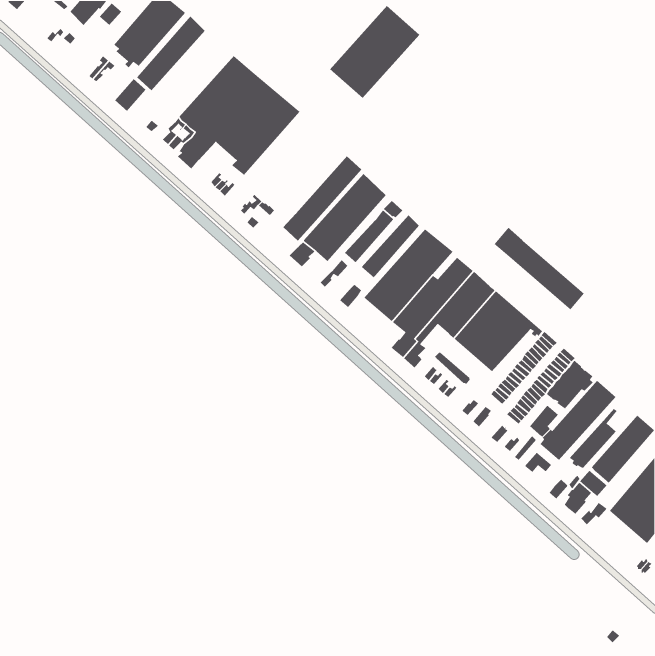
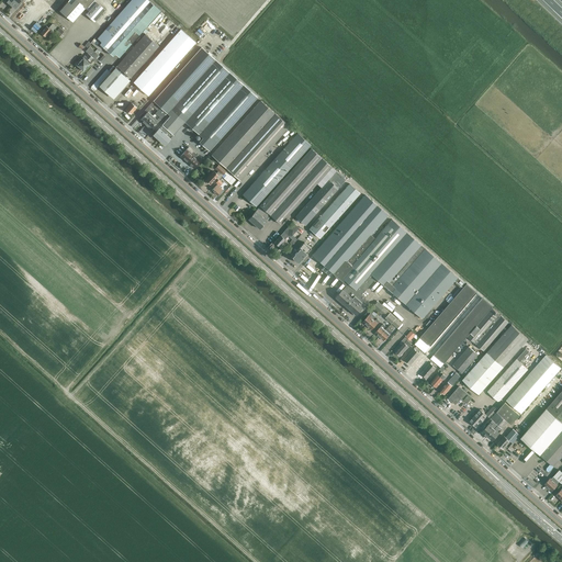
building: [329,5,420,99] -> [211,100,289,180]
building: none -> [133,29,194,95]
building: [494,227,585,310] -> none

